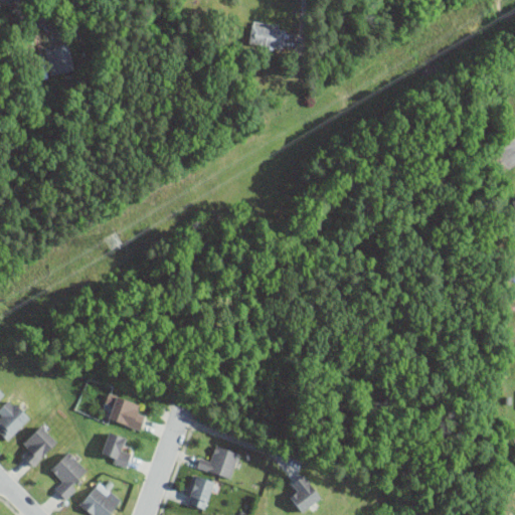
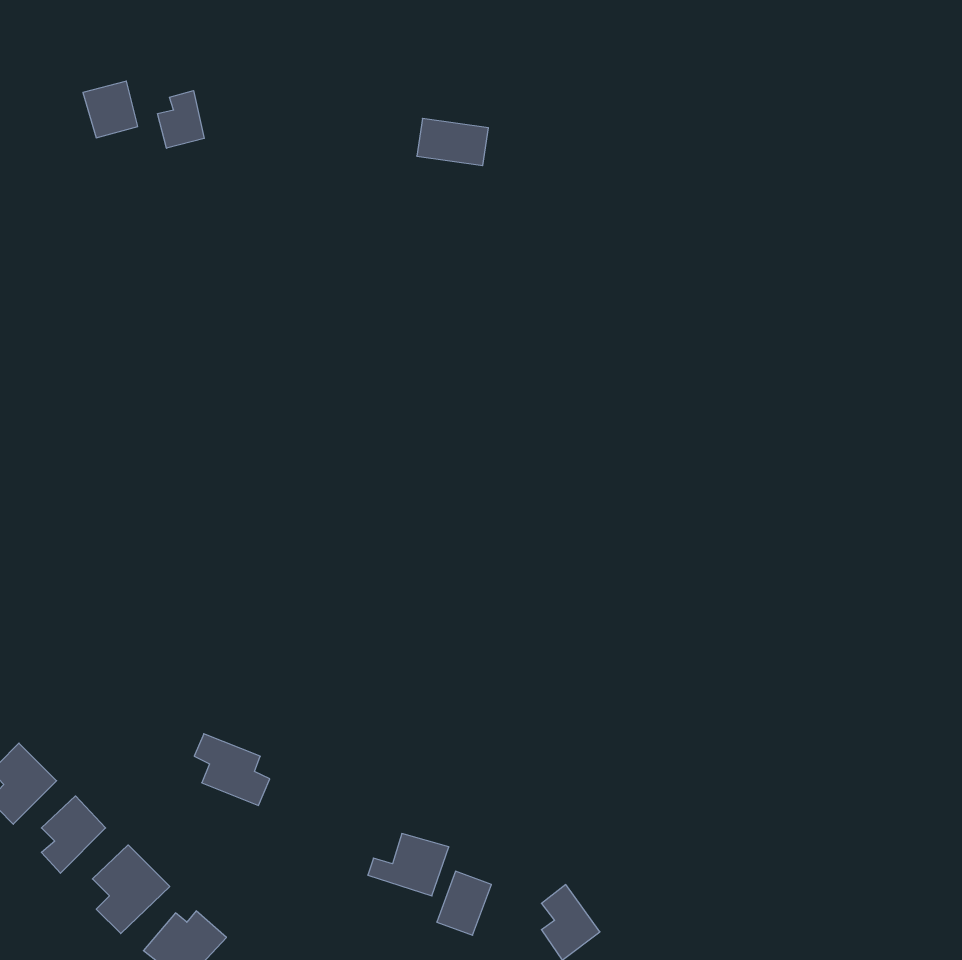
building: [247,24,286,49] -> [417,118,488,166]
building: none -> [158,91,204,148]
building: [99,433,132,468] -> none
building: [185,476,214,510] -> [437,871,491,935]

